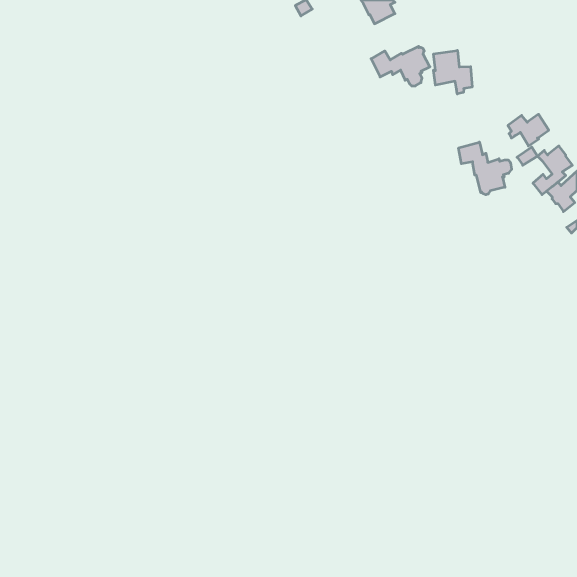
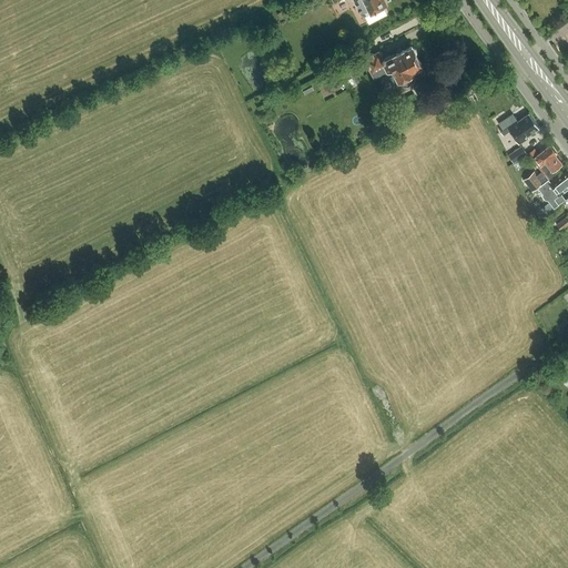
building: [433,50,472,94] -> none
building: [459,142,512,195] -> none

